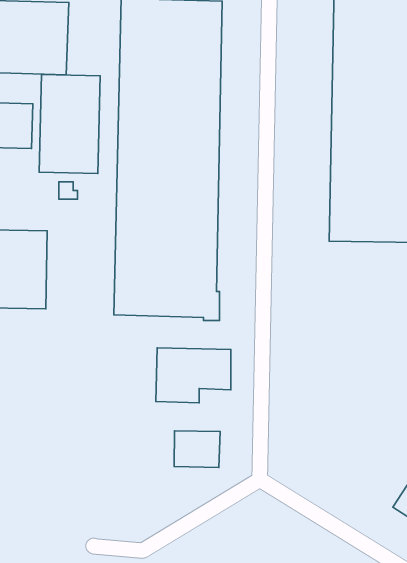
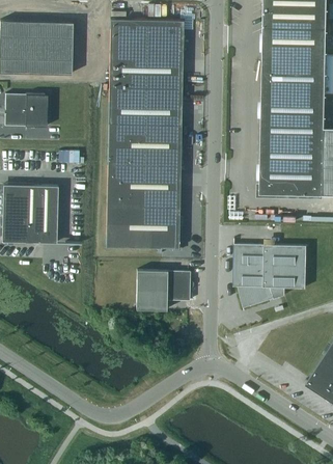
building: [39,74,100,174] -> none
building: none -> [234,238,307,310]
building: [174,431,220,467] -> none

